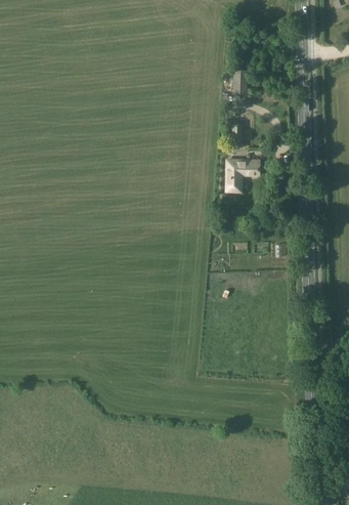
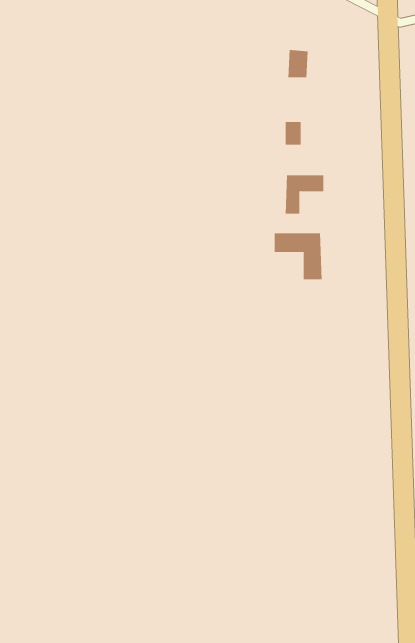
building: none -> [274,232,322,280]

